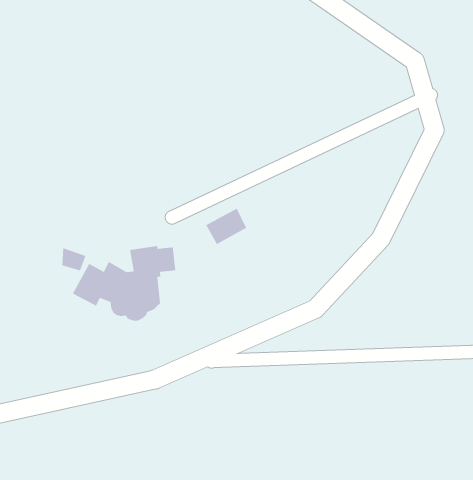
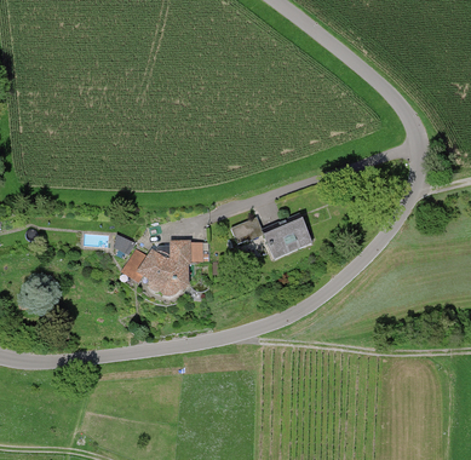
building: none -> [262,219,311,259]

